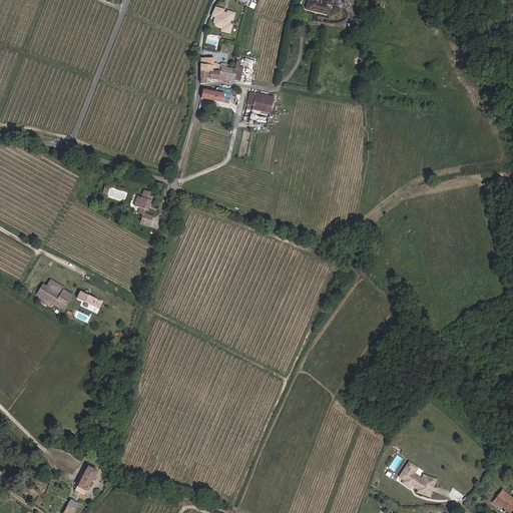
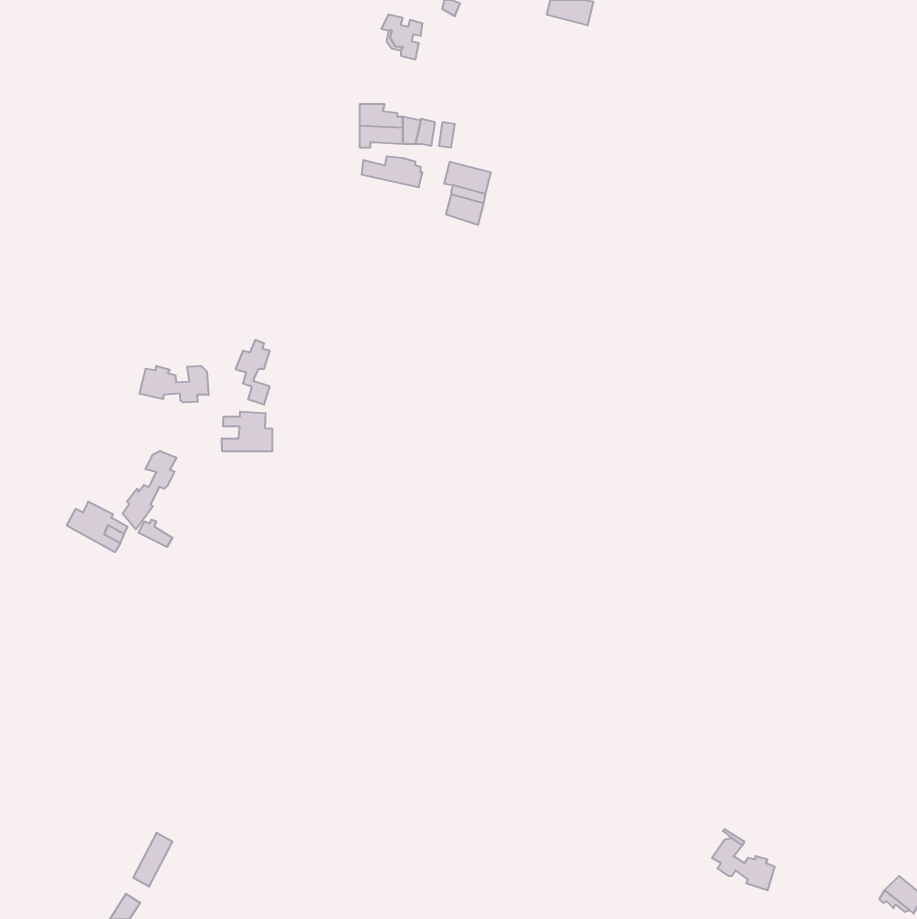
building: none -> [140,366,208,403]
building: none -> [222,412,272,451]
building: none -> [123,451,176,529]

